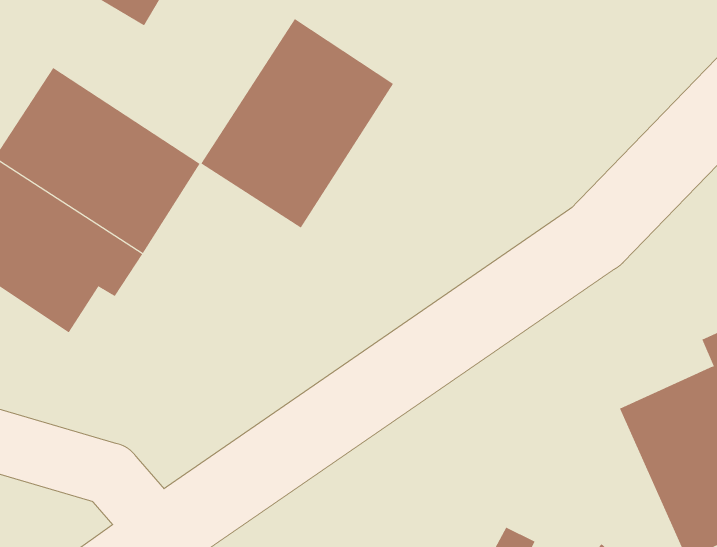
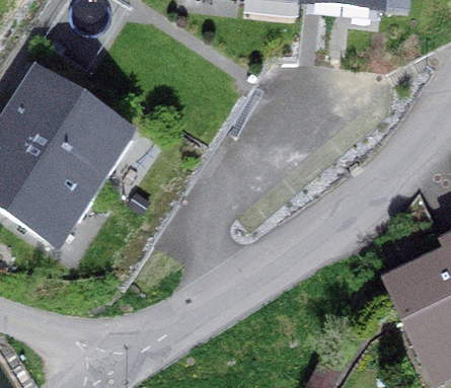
building: [200,18,394,229] -> none

